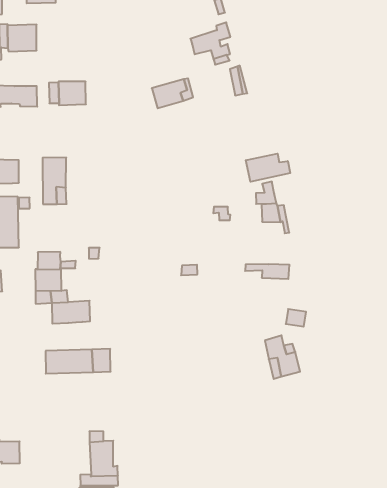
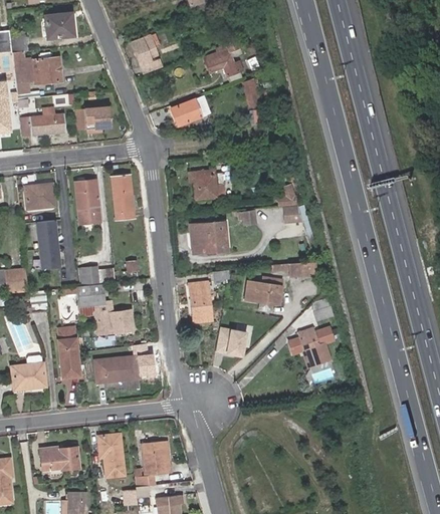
building: none -> [132,34,162,72]
building: [246,154,290,182] -> none
building: none -> [112,174,136,220]
building: none -> [193,171,224,199]
building: none -> [191,222,223,252]
building: none -> [244,276,287,305]
building: none -> [190,281,212,321]
building: none -> [58,326,79,376]
building: none -> [216,328,247,357]
building: none -> [99,434,126,478]

